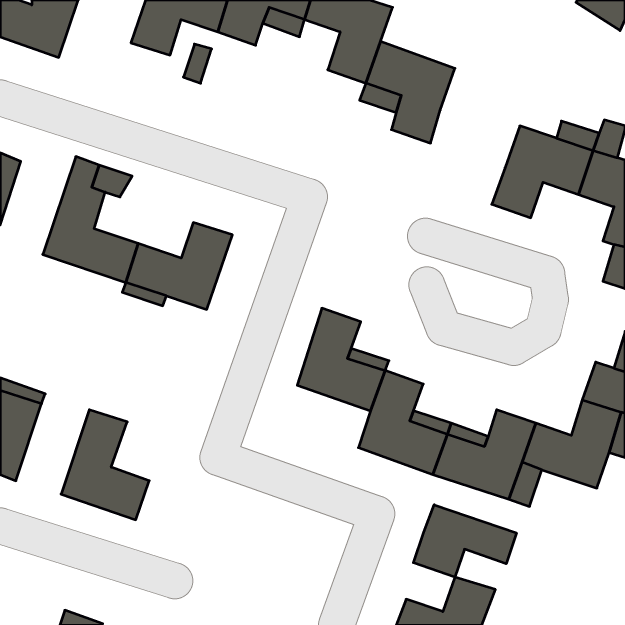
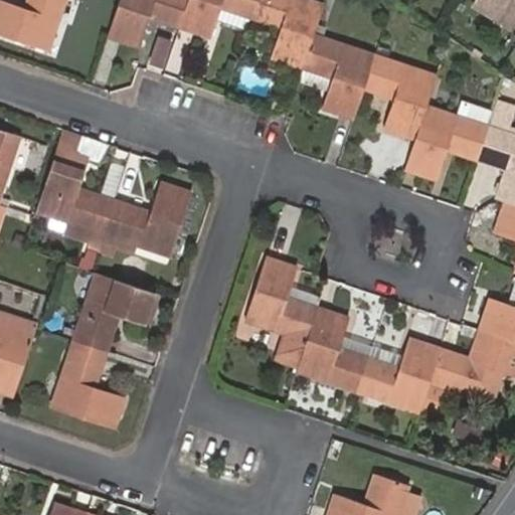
building: none -> [362,56,437,138]
building: none -> [73,270,158,347]
building: [413,505,516,577] -> none

